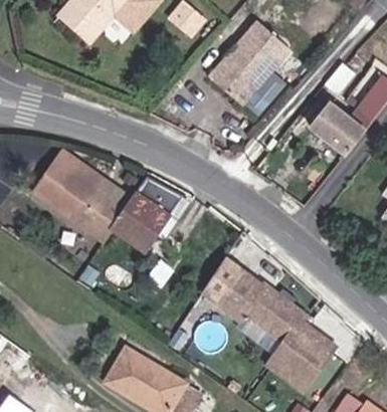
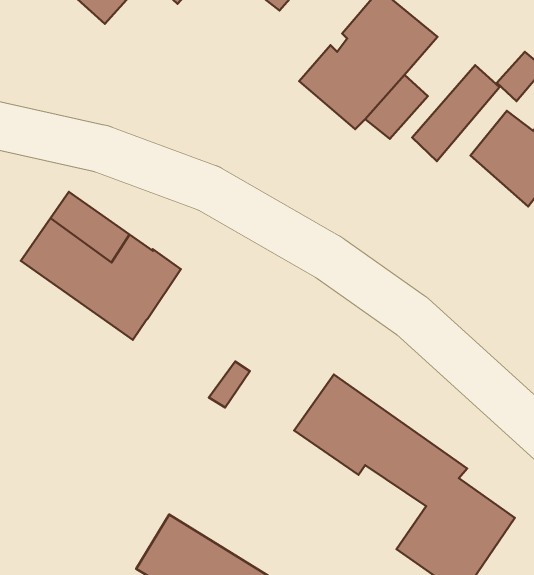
building: none -> [412,65,500,161]
building: [113,175,181,247] -> none

